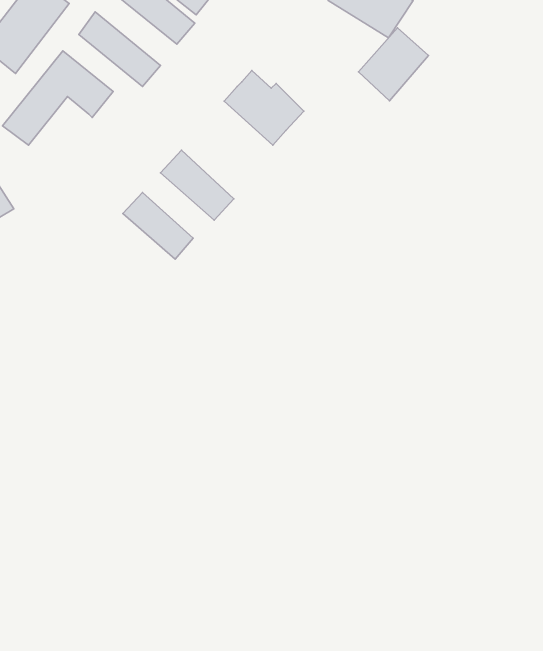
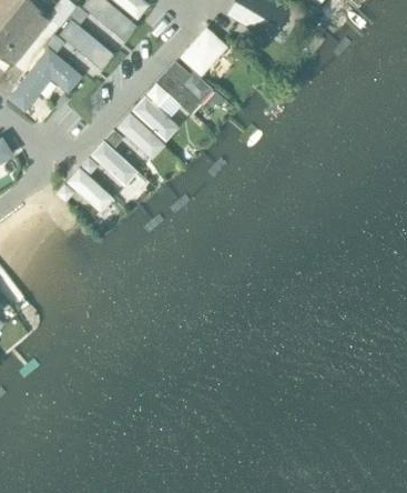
building: [358,28,429,101] -> [180,27,227,77]
building: none -> [131,98,179,145]
building: none -> [64,170,113,217]

